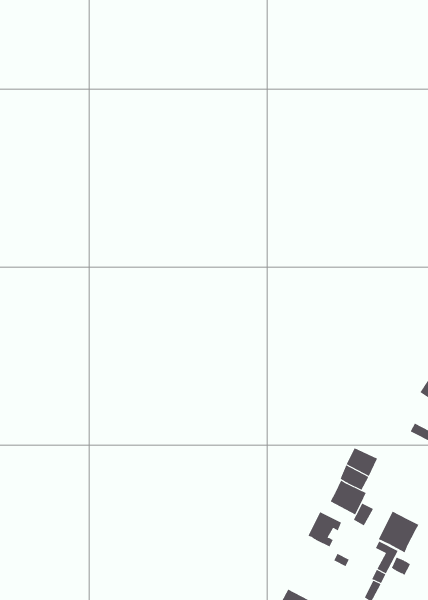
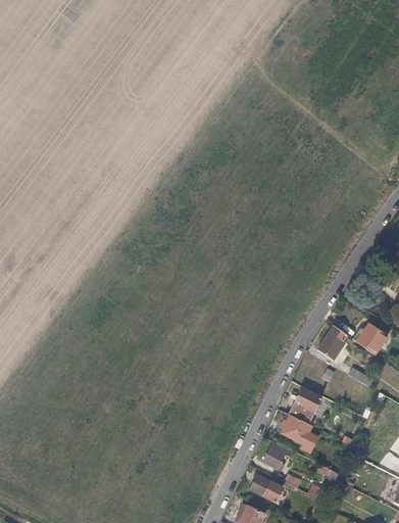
building: none -> [317,325,347,359]
building: [378,511,419,553] -> none
building: none -> [250,474,283,501]

